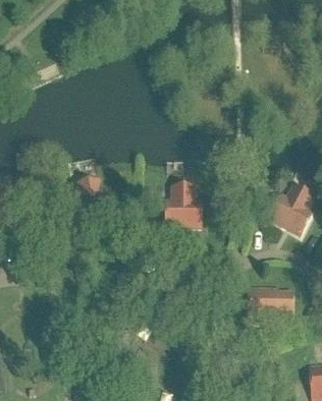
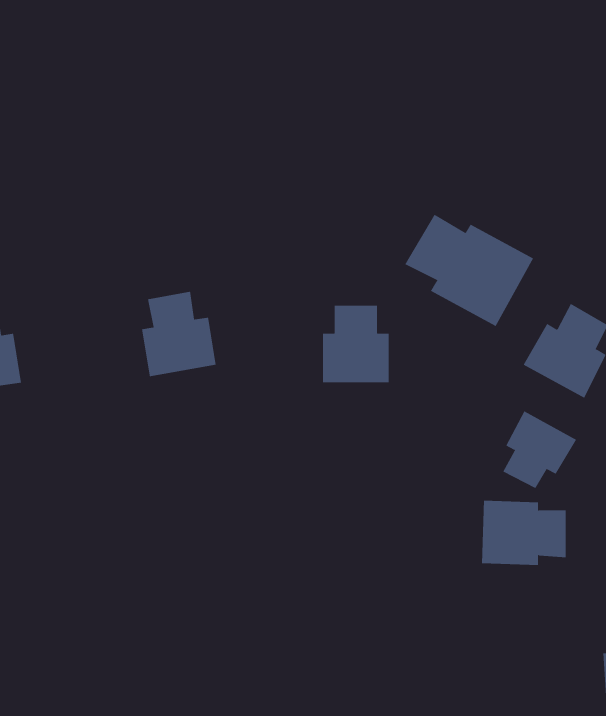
building: none -> [404,214,534,327]
building: none -> [502,410,577,489]

